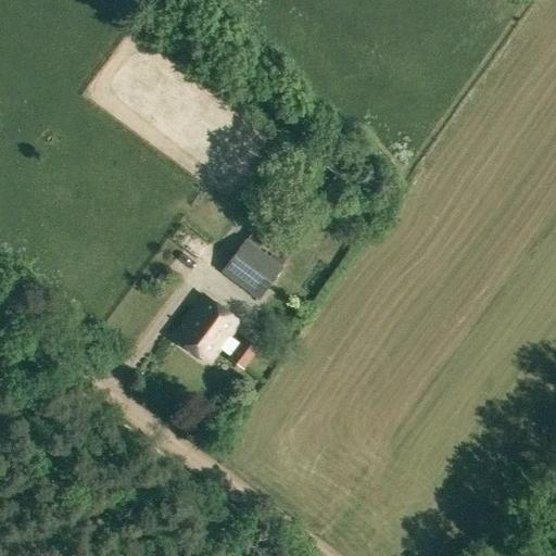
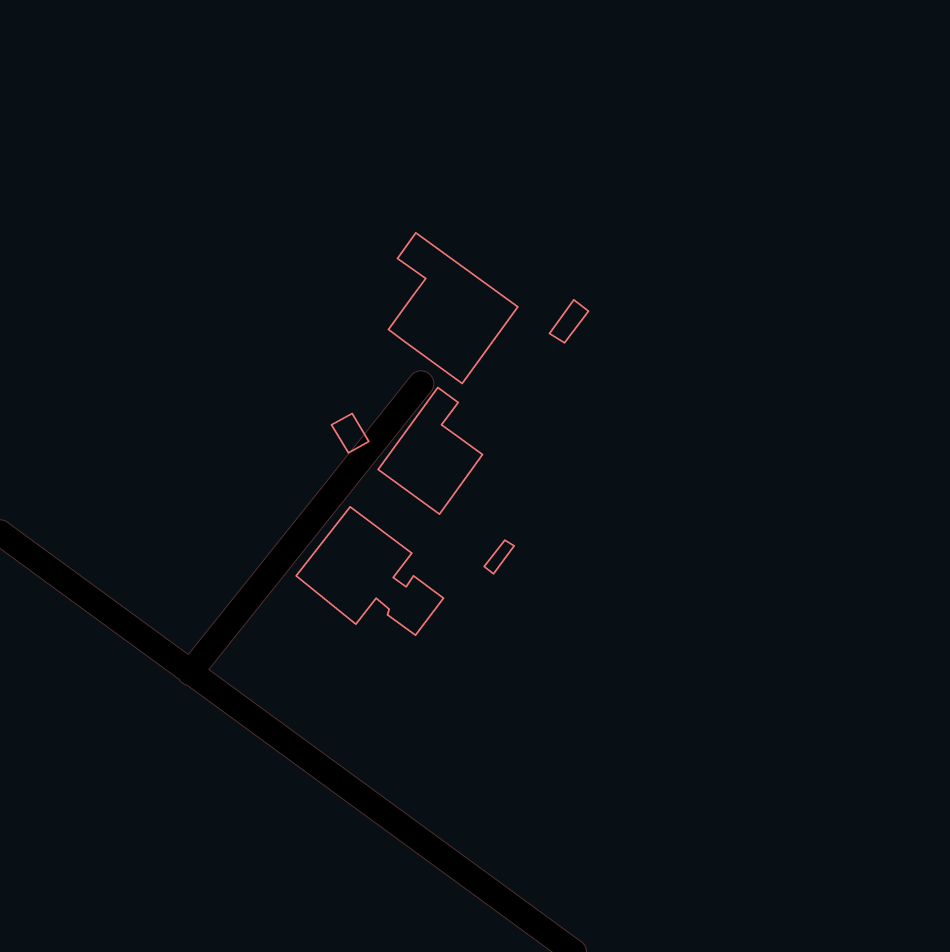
building: none -> [389,233,518,384]

